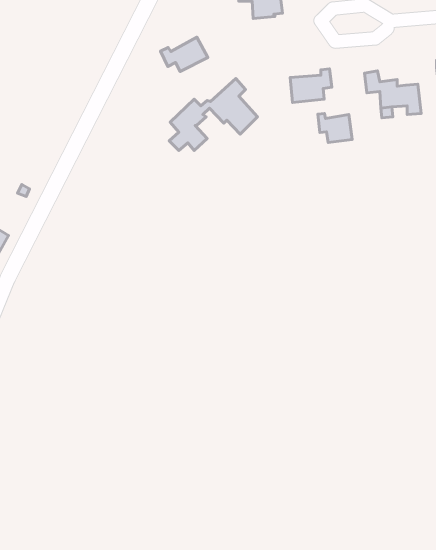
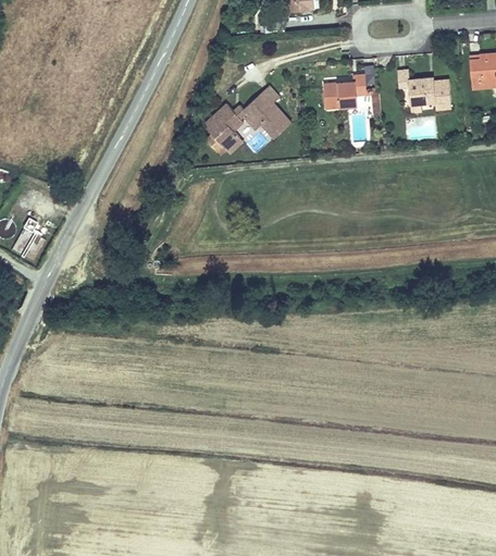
building: [160,37,208,71] -> none
building: [318,113,352,143] -> none

